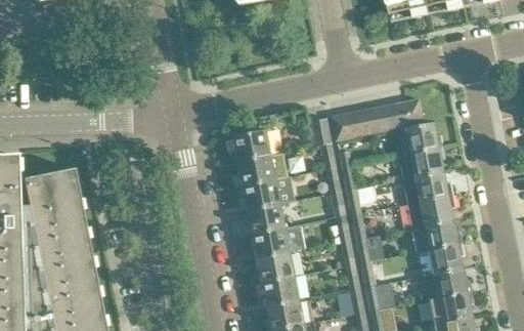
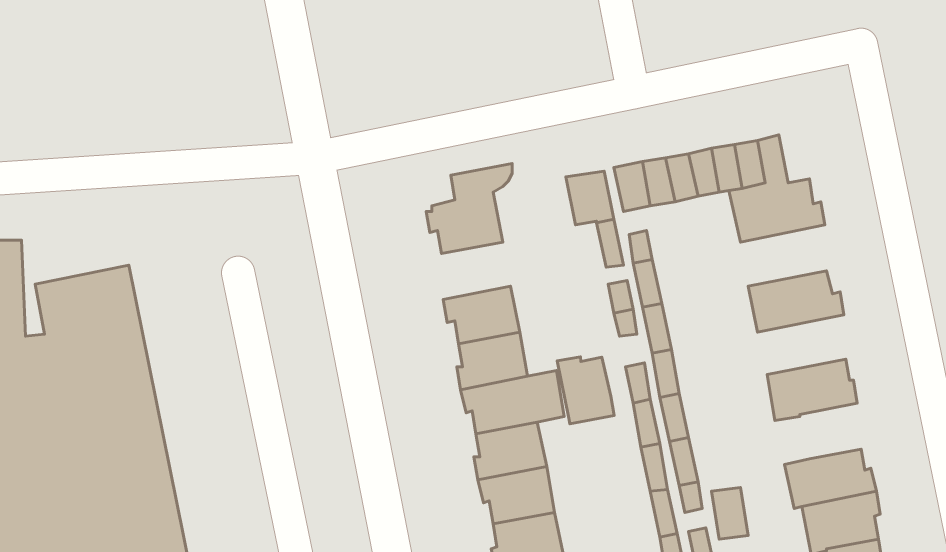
building: [398,146,446,178] -> none
building: [236,155,275,185] -> none
building: [407,194,455,225] -> none
building: none -> [557,357,614,424]
building: [430,241,464,271] -> none

